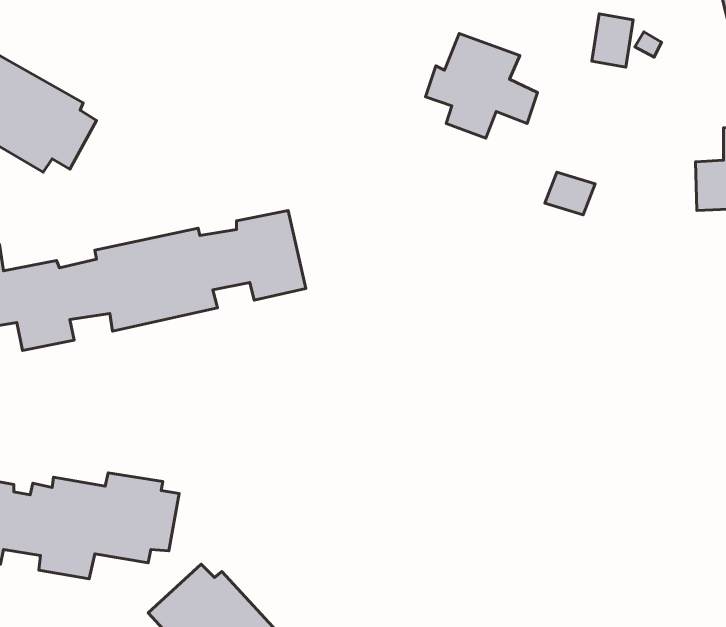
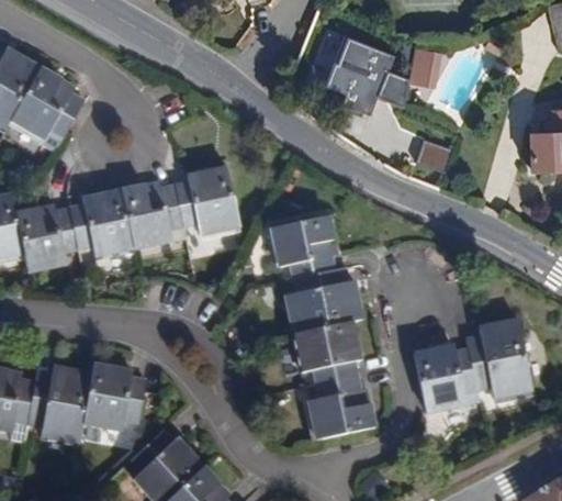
building: [592,14,633,67] -> [413,45,443,85]
building: none -> [270,215,375,439]
building: none -> [414,320,532,411]

